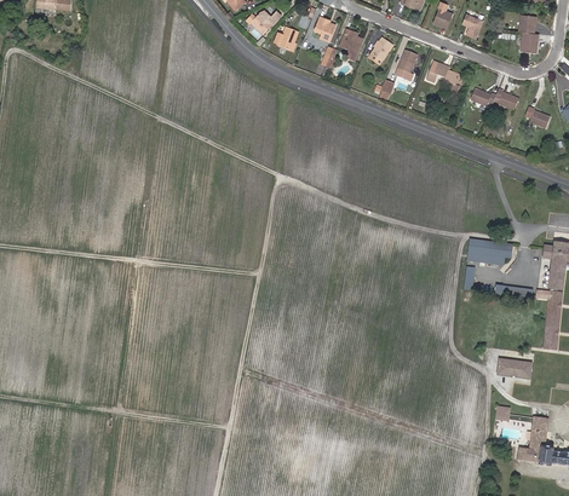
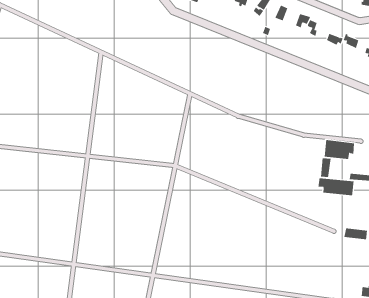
building: none -> [318,177,354,196]

